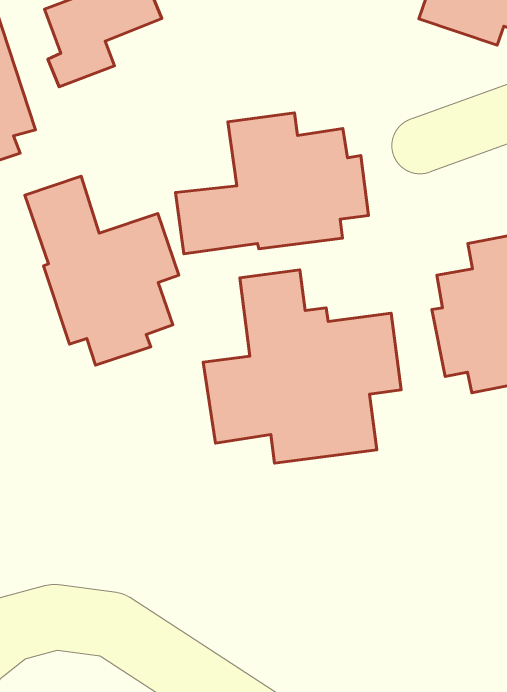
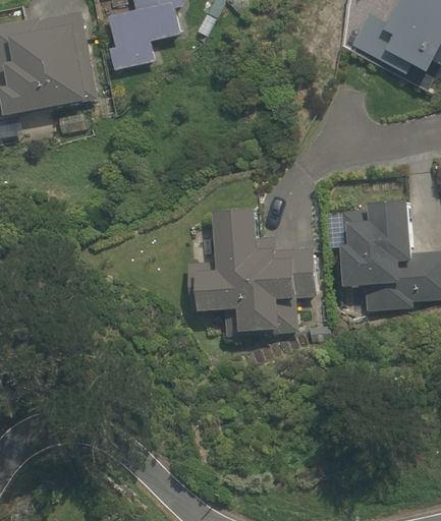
building: [176,113,369,254] -> none
building: [25,176,179,365] -> none

